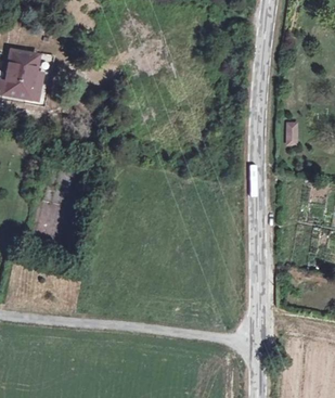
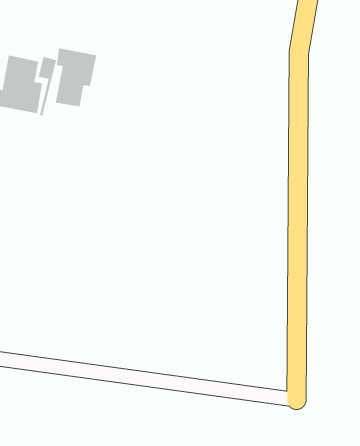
building: none -> [55,48,97,107]

